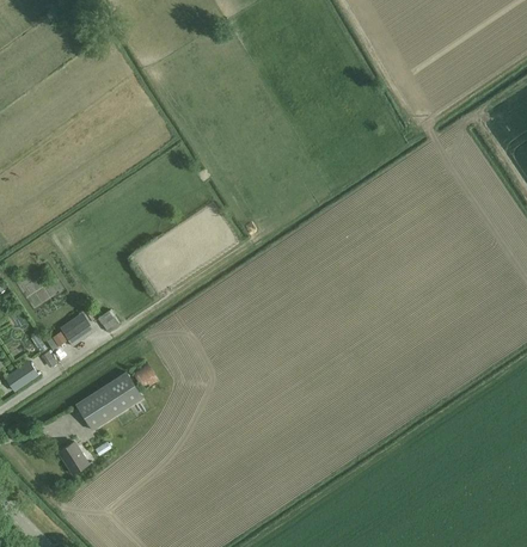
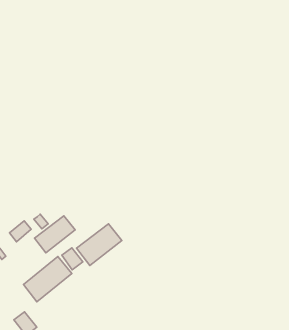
building: none -> [35,216,75,253]
building: none -> [77,224,122,266]

